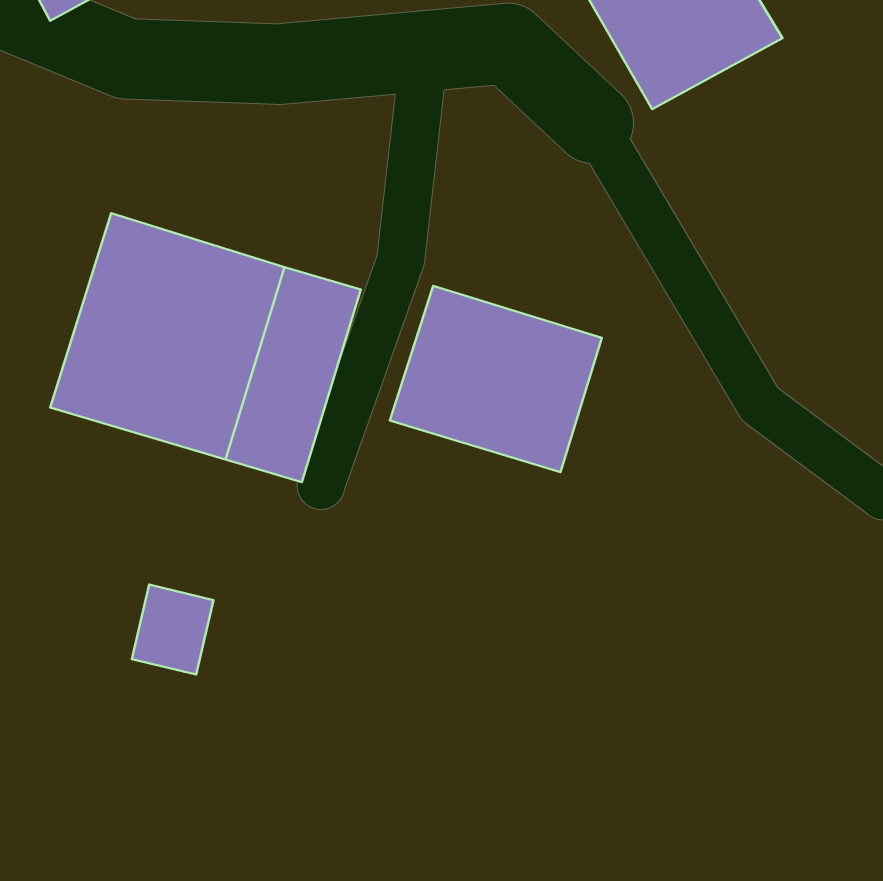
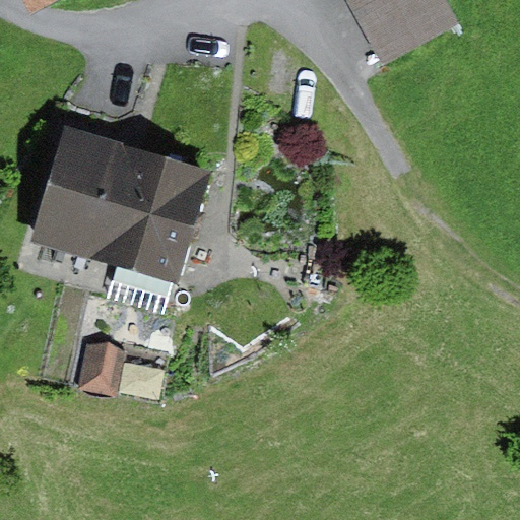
building: [390,286,602,472] -> none

